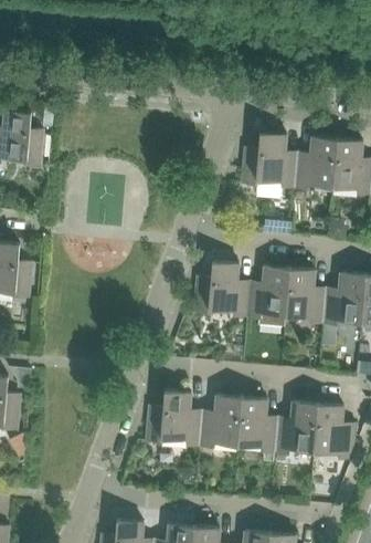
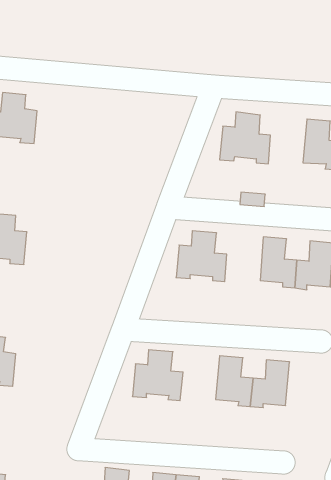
building: [294,137,336,189] -> none
building: [246,265,288,326] -> none
building: [198,395,241,447] -> none
building: [312,404,353,459] -> none

